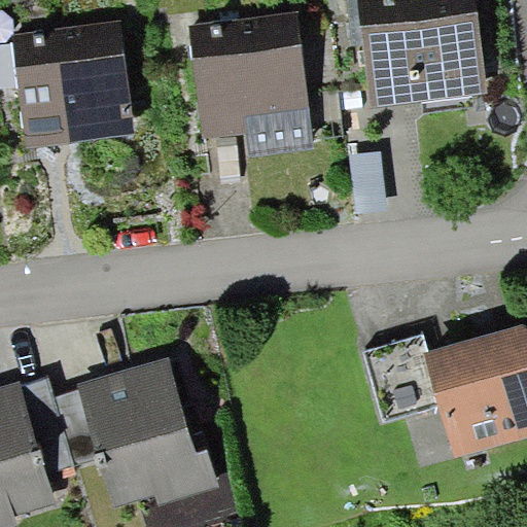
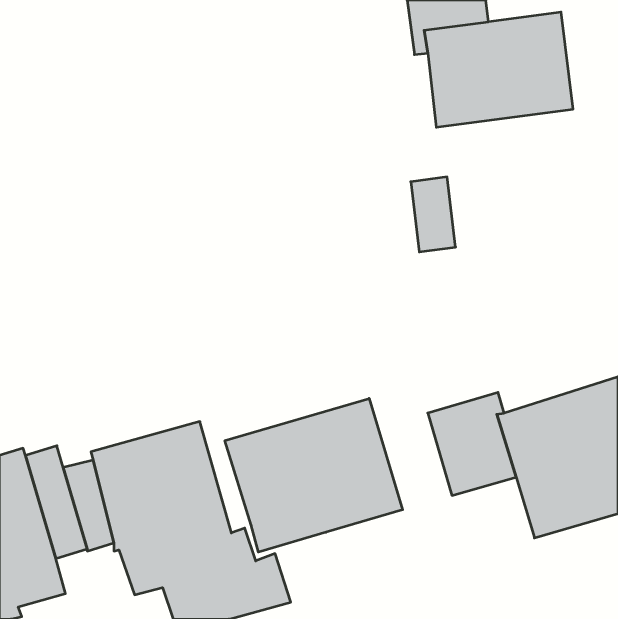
building: [188,10,314,156] -> none
building: [10,20,135,147] -> none
building: none -> [225,398,403,552]

